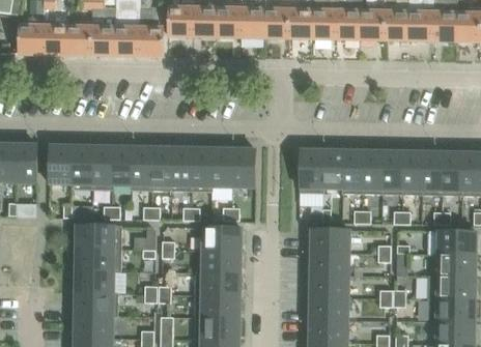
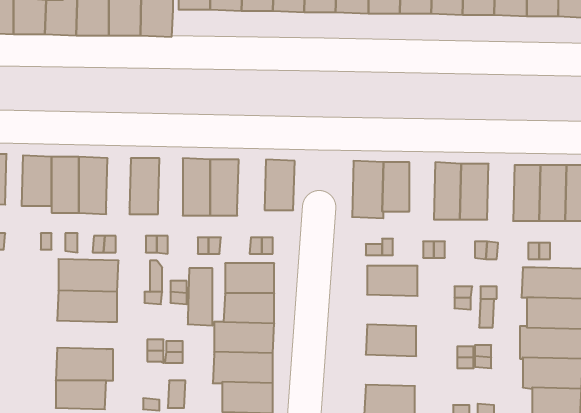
building: [113,147,132,185] -> none
building: [152,148,171,192] -> [188,268,212,326]
building: [213,149,234,187] -> none
building: [342,151,363,195] -> none
building: [402,152,423,196] -> none
building: [311,252,349,276] -> none
building: [76,271,114,293] -> none
building: [310,297,348,321] -> none

